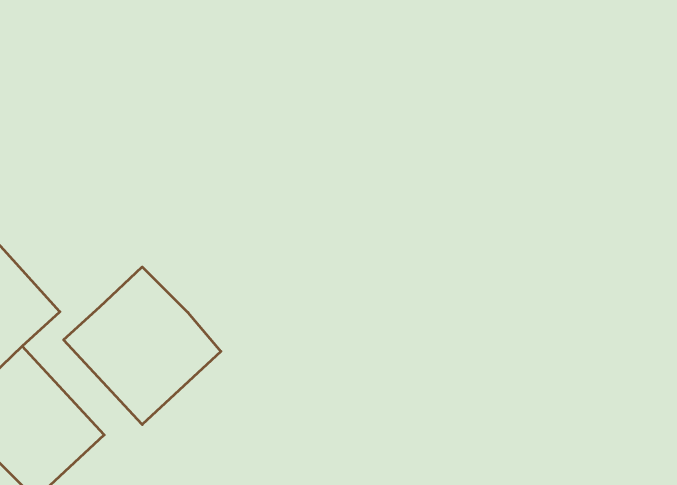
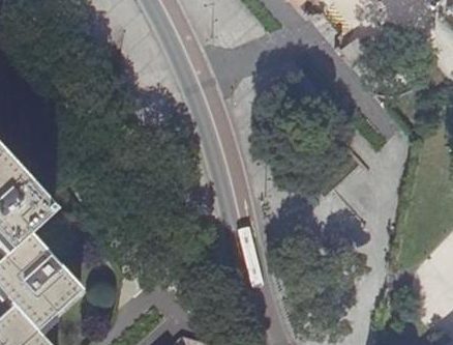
building: [64,267,221,425] -> none

